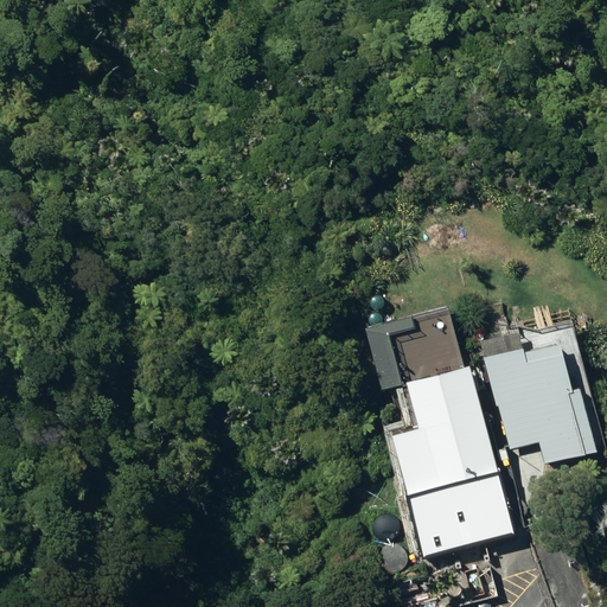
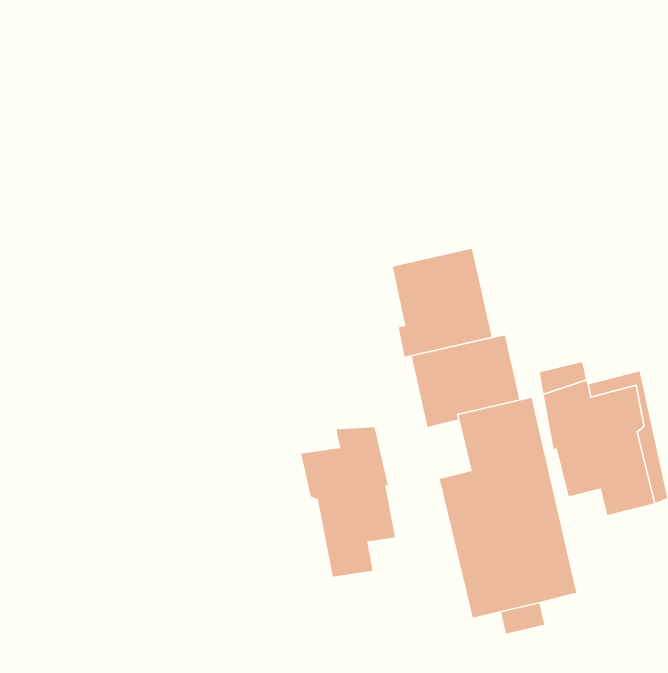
building: none -> [392,248,493,357]
building: none -> [300,427,396,578]

